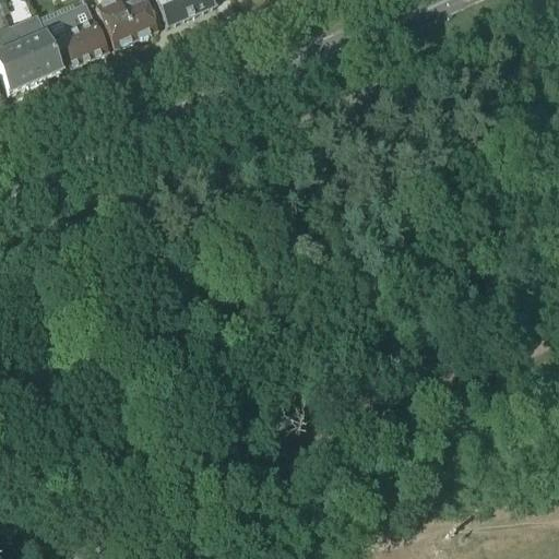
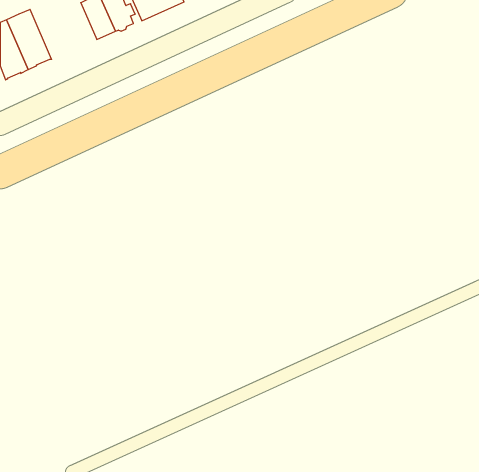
building: [48,5,107,67] -> none

